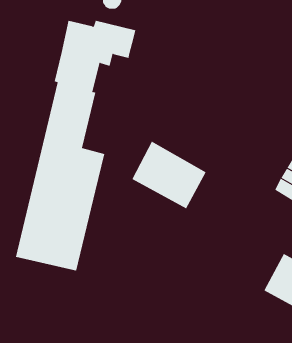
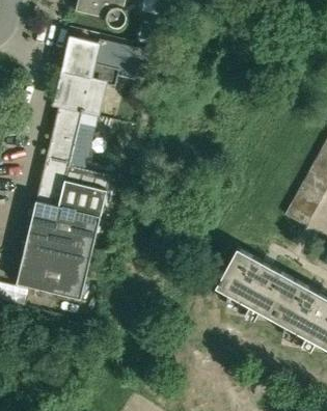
building: [131,141,207,209] -> [216,249,294,320]

